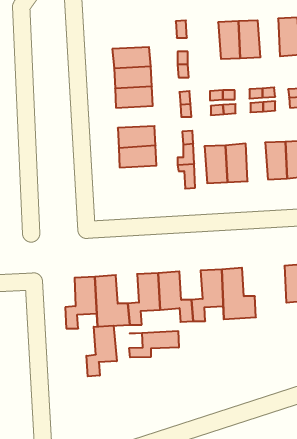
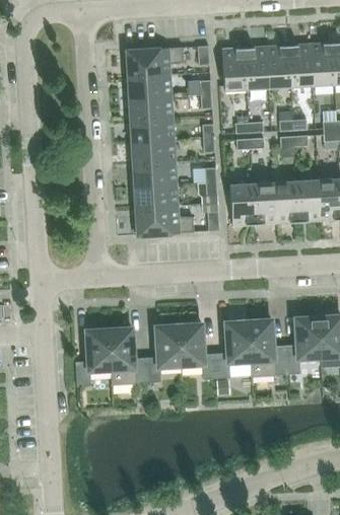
building: none -> [287,45,312,87]
building: none -> [124,48,183,78]
building: none -> [220,49,247,91]
building: none -> [131,141,174,165]
building: none -> [274,181,298,224]
building: none -> [133,207,193,236]
building: none -> [284,317,319,374]
building: [86,326,117,376] -> none
building: [129,331,179,357] -> none

